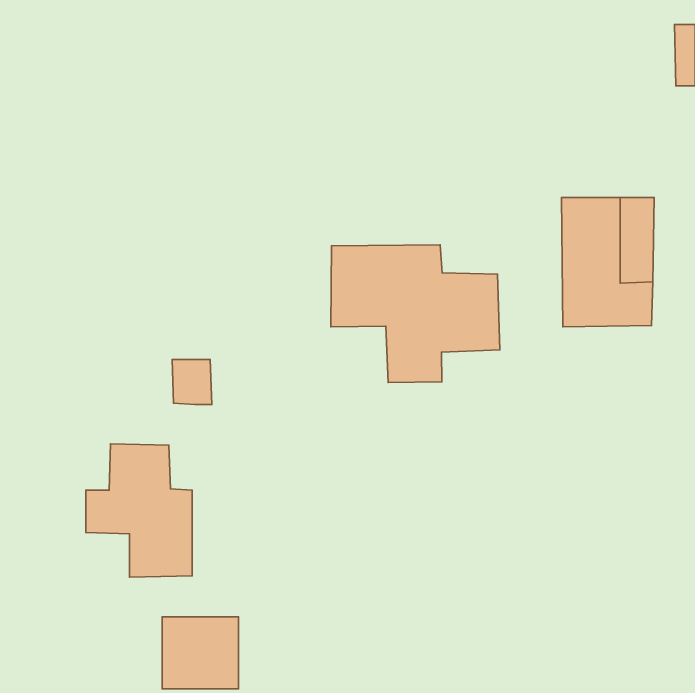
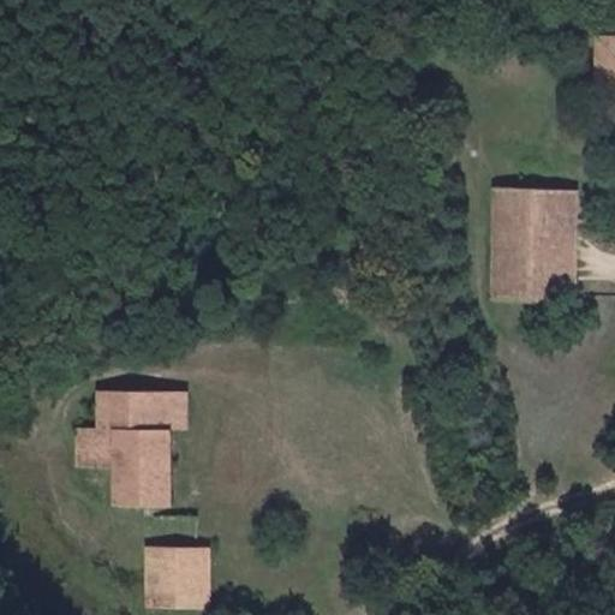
building: [331,245,500,383] -> none
building: [172,359,212,404] -> [149,393,184,432]

